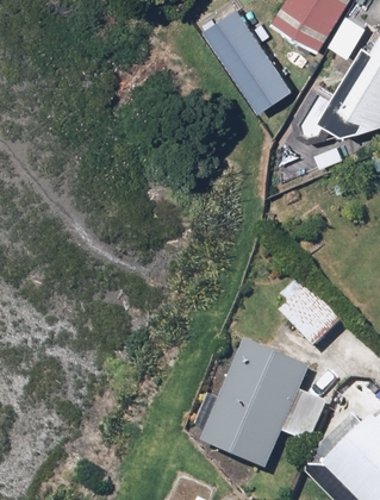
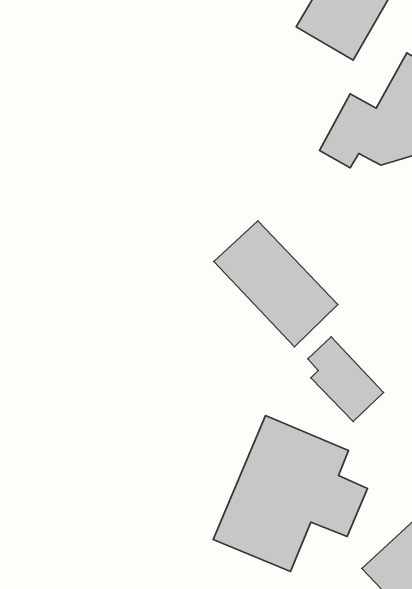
building: [210,11,293,110] -> none
building: none -> [214,221,338,347]

